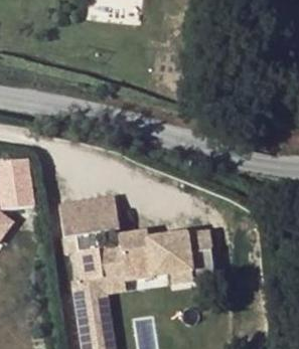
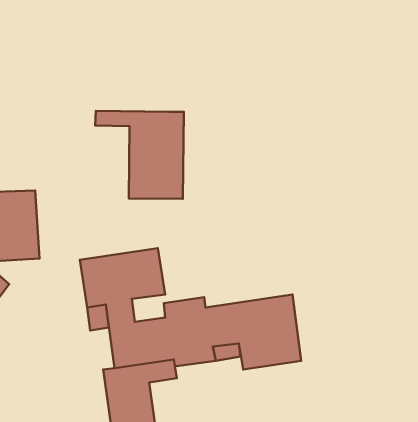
building: none -> [95,111,184,199]

